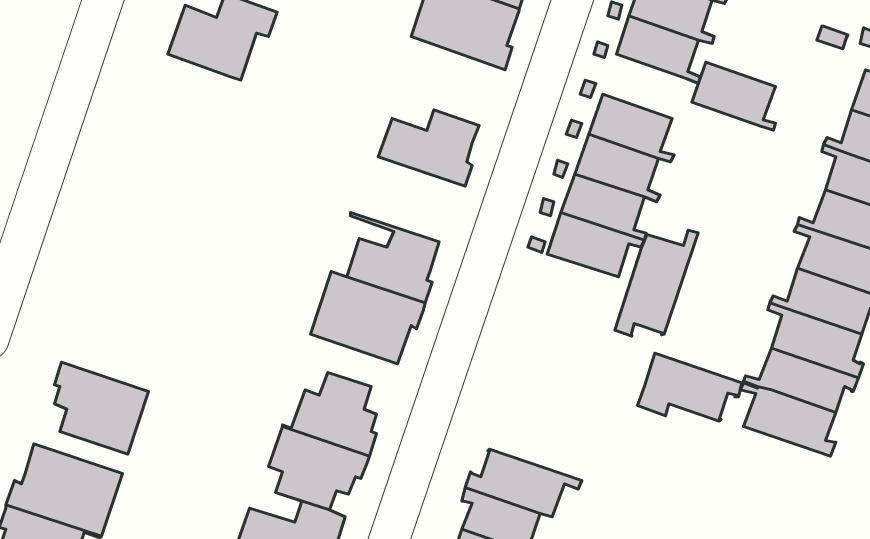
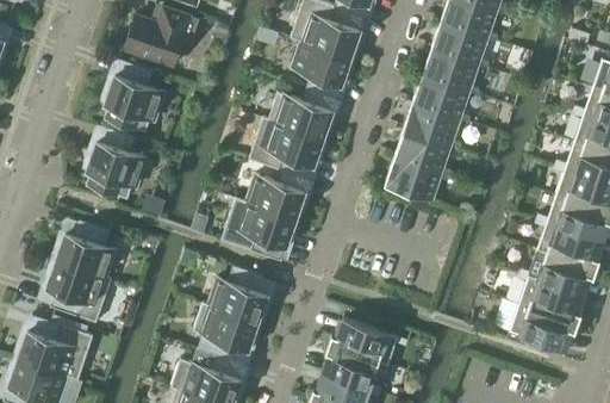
building: none -> [290,37,355,98]
building: [692,62,775,130] -> [422,49,479,95]
building: none -> [100,60,164,132]
building: none -> [249,117,328,178]
building: none -> [82,125,147,199]
building: [615,230,698,336] -> none
building: none -> [51,221,114,280]
building: [638,353,742,421] -> [506,304,578,351]

